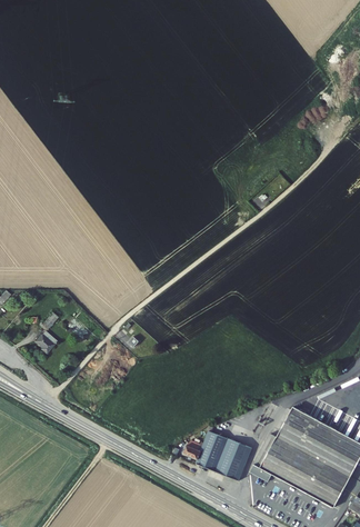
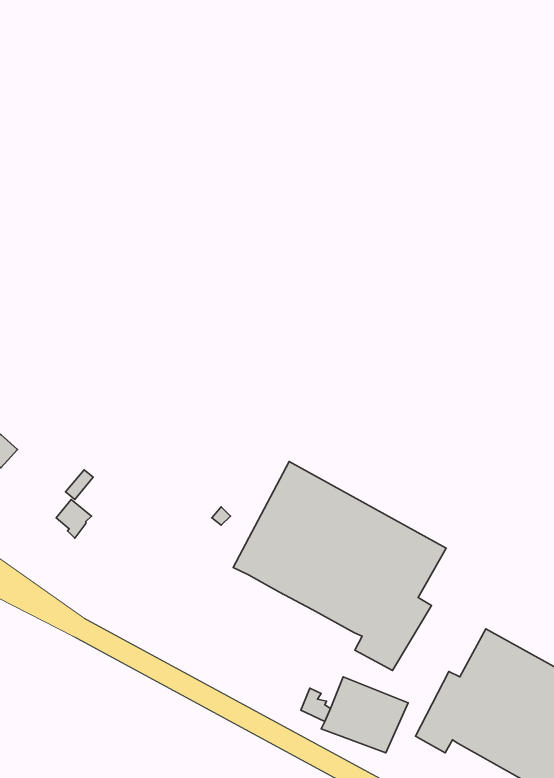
building: none -> [233,462,446,671]

